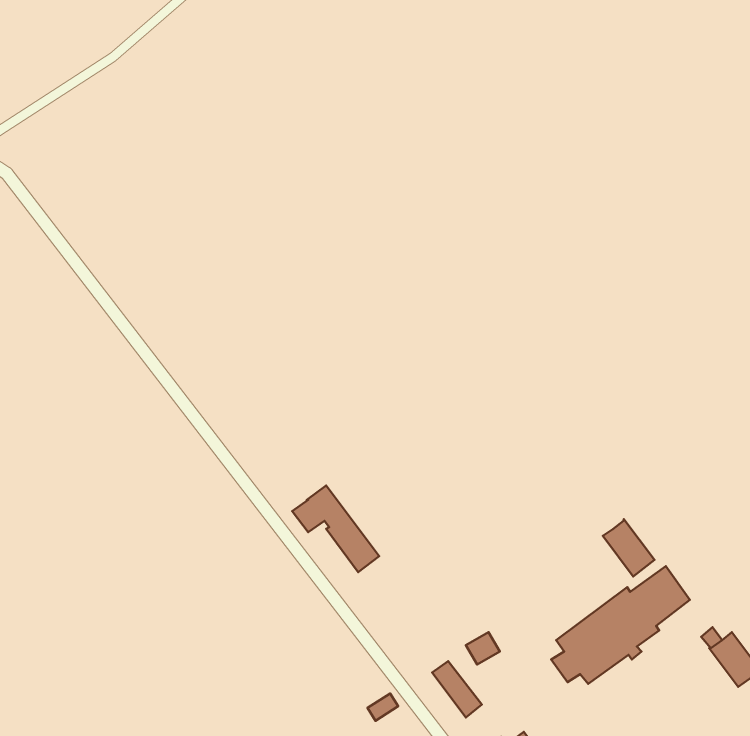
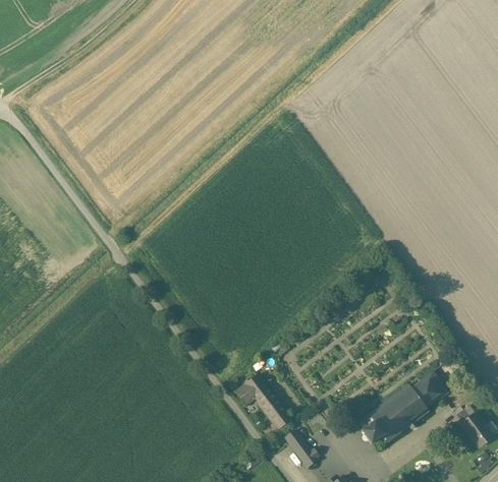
building: [292,485,379,572] -> [234,375,289,430]
building: [603,519,654,576] -> none

